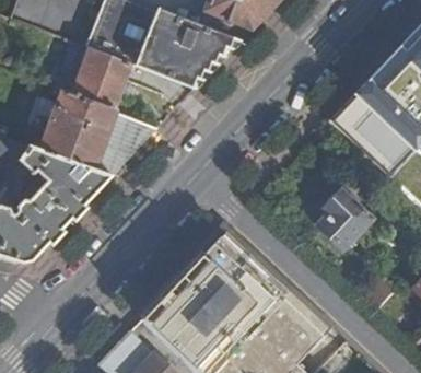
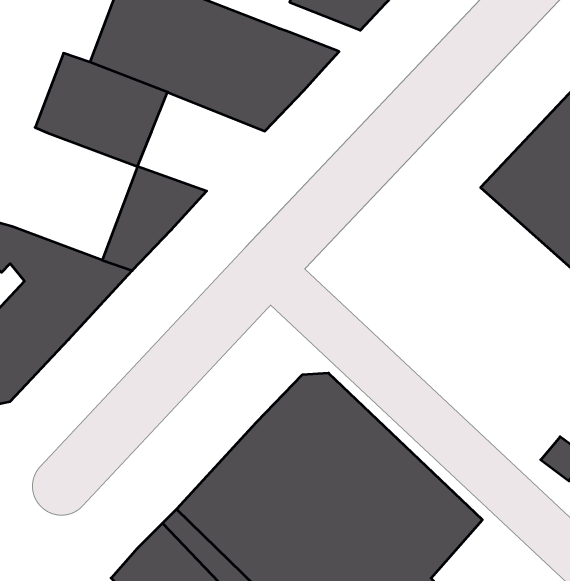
building: [38,89,116,167] -> none
building: [319,191,372,249] -> none

